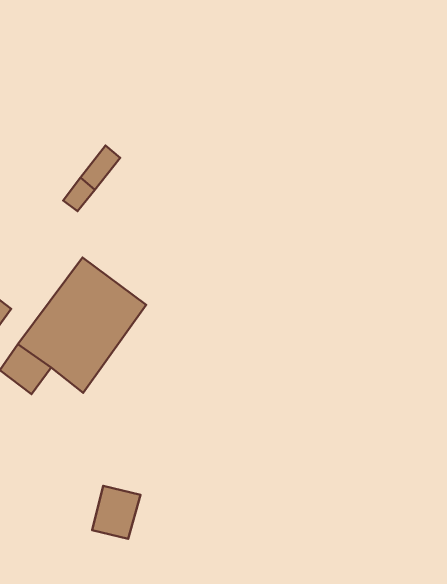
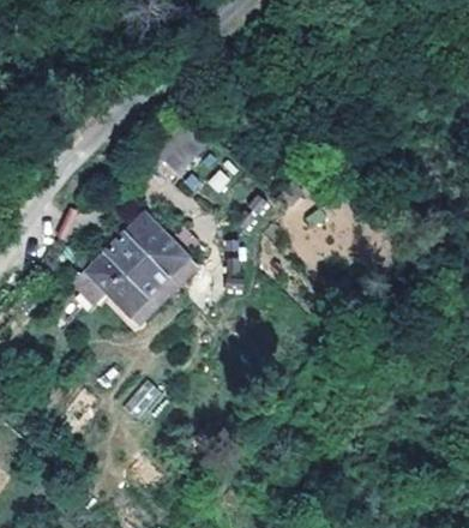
building: none -> [130,251,206,328]

